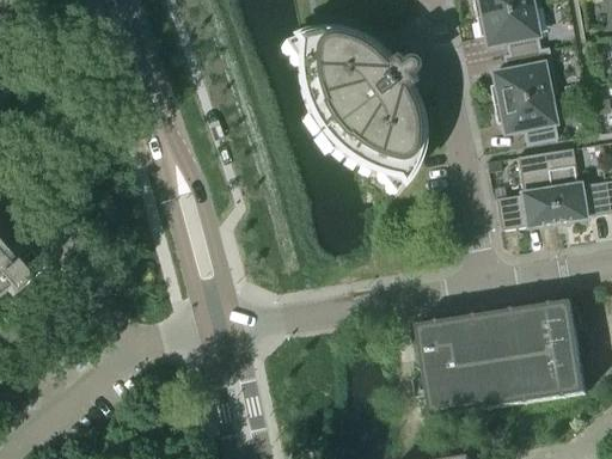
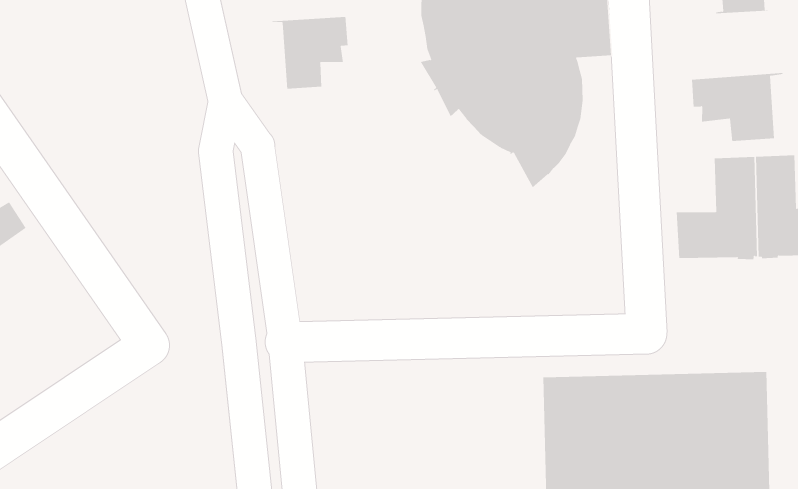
building: [490,47,557,103] -> none
building: none -> [272,16,348,90]

